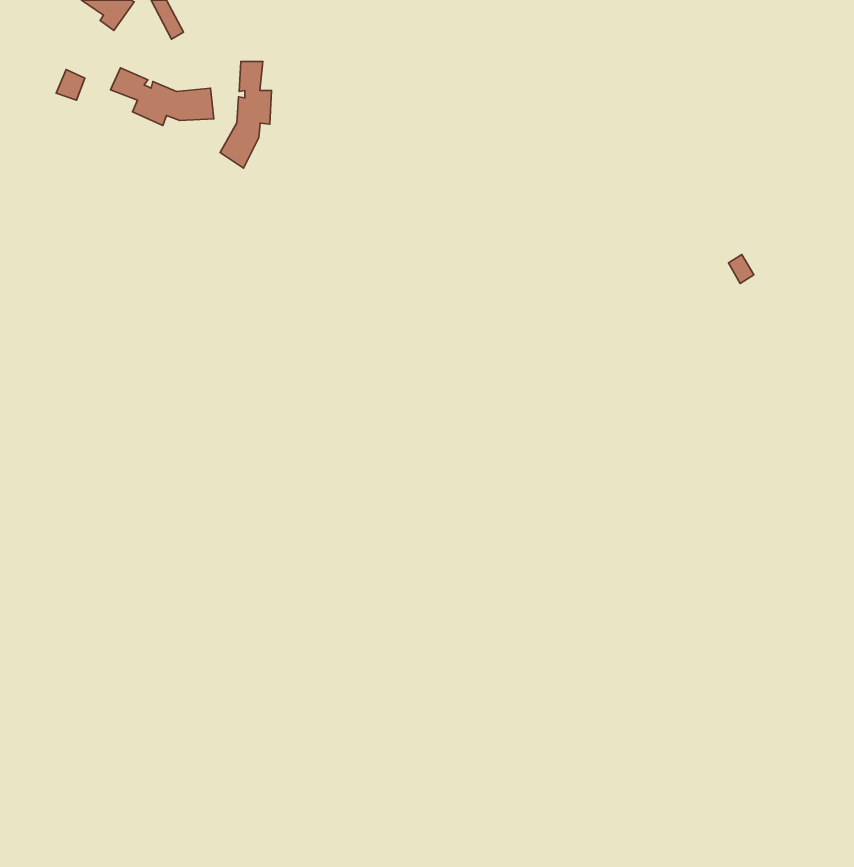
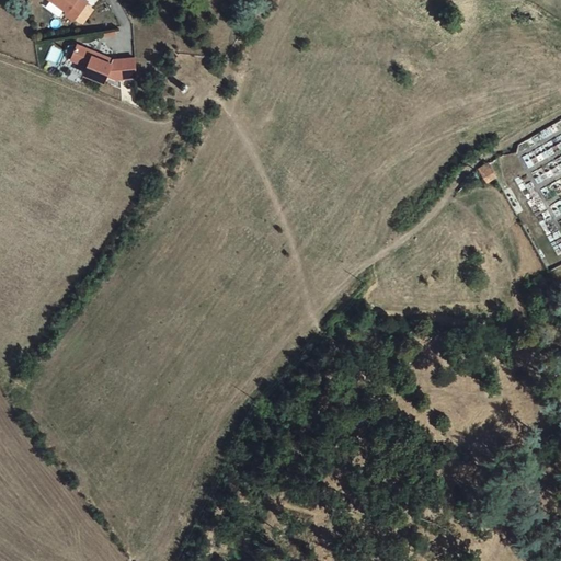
building: [220,61,271,168] -> none

